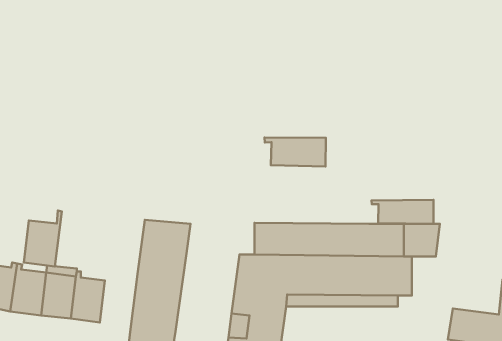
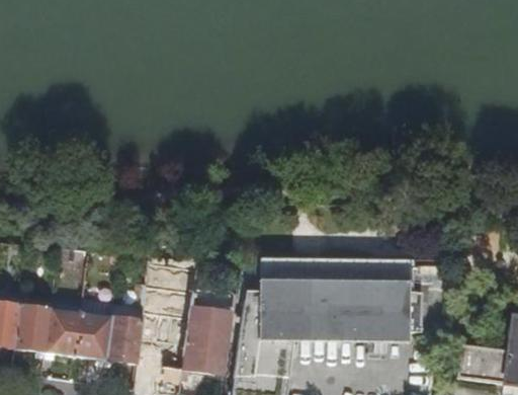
building: [265,138,326,166] -> none
building: [372,200,433,224] -> none
building: [24,210,62,266] -> [105,307,144,364]
building: none -> [182,290,235,374]

